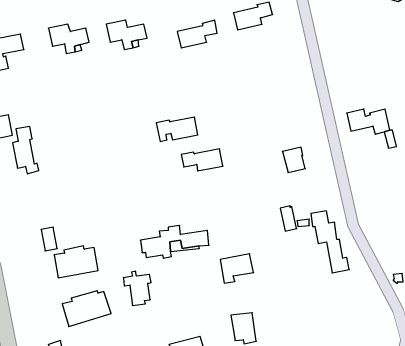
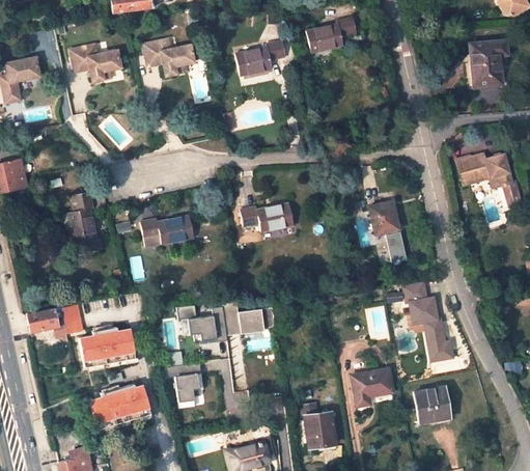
building: none -> [470,40,506,85]
building: [156,117,198,142] -> [140,215,193,246]
building: [13,127,39,174] -> [68,192,102,252]
building: [280,206,297,231] -> [385,228,406,260]
building: none -> [27,308,57,332]
building: [220,254,254,283] -> [351,368,393,406]
building: none -> [413,387,449,420]

